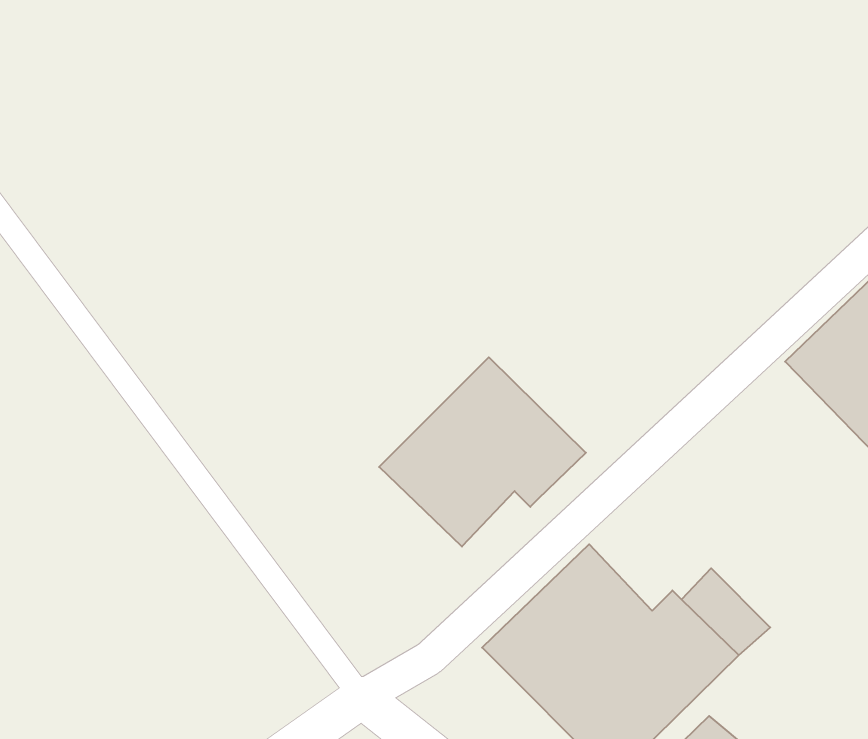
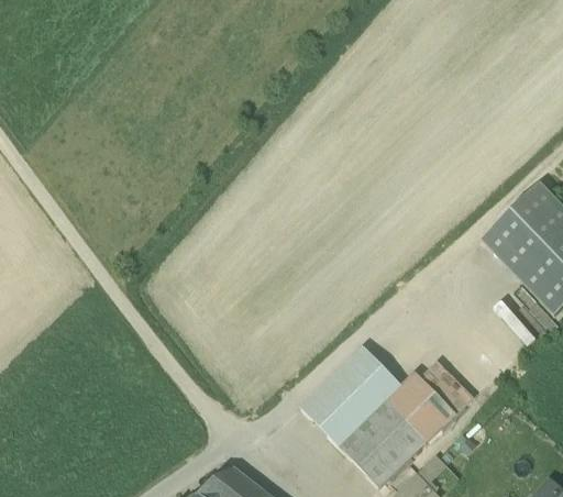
building: [379,357,586,547] -> none

